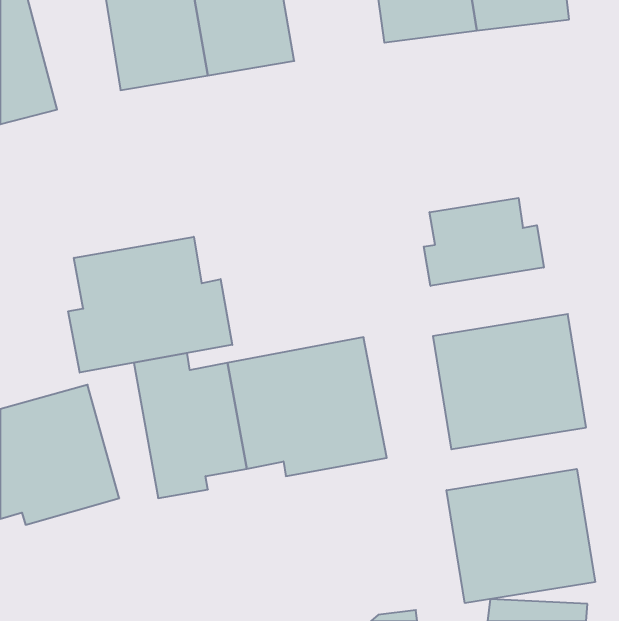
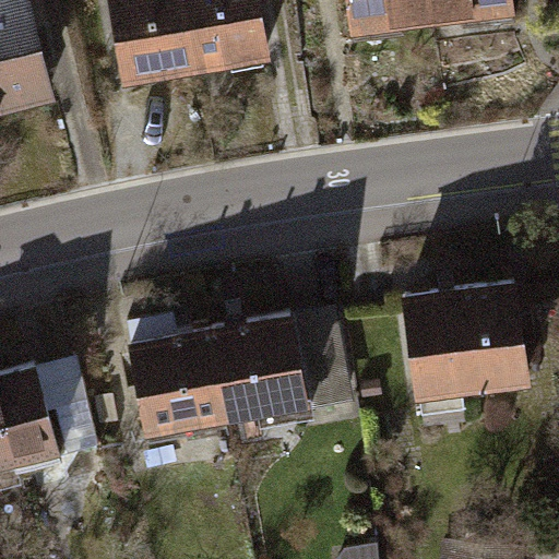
building: [424,198,544,286] -> none
building: [68,237,232,373] -> none
building: [447,469,595,603] -> none

